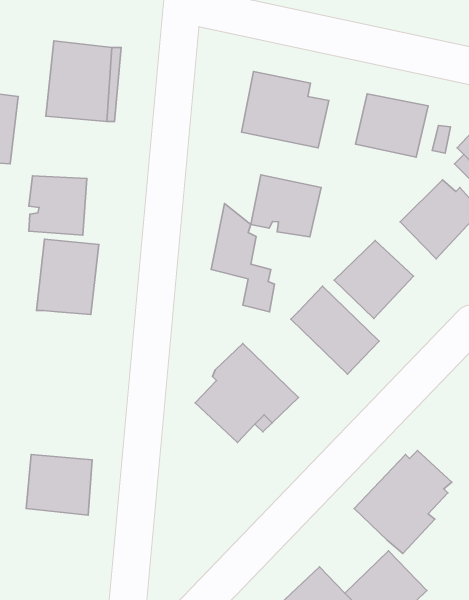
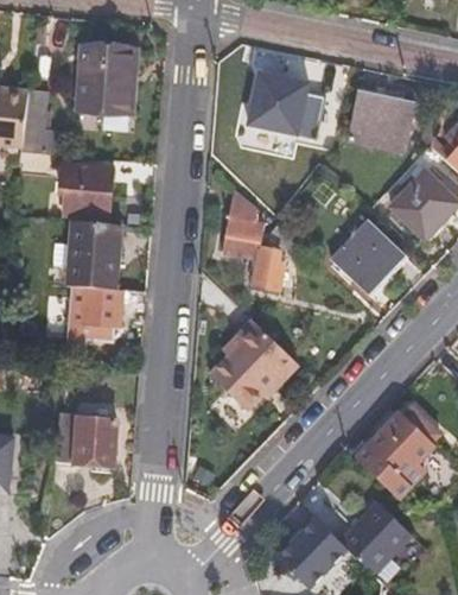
building: [251,175,321,237] -> none
building: [291,286,379,374] -> none
building: none -> [65,286,123,348]

